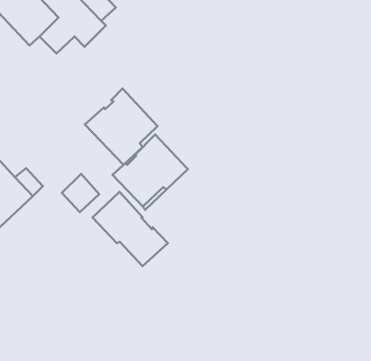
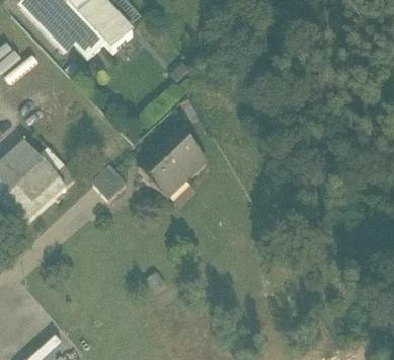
building: [85,89,158,165] -> none
building: [93,192,168,266] -> none

